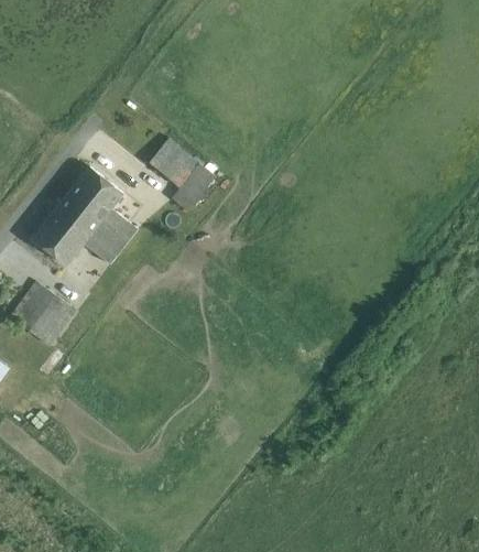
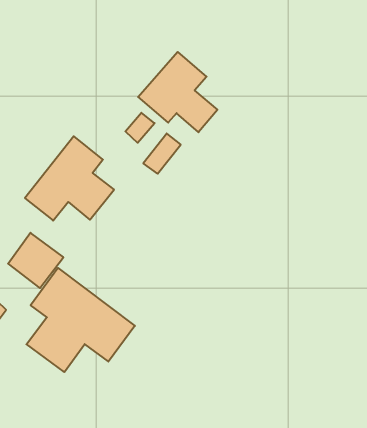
building: none -> [138,52,217,132]
building: none -> [26,268,135,372]

